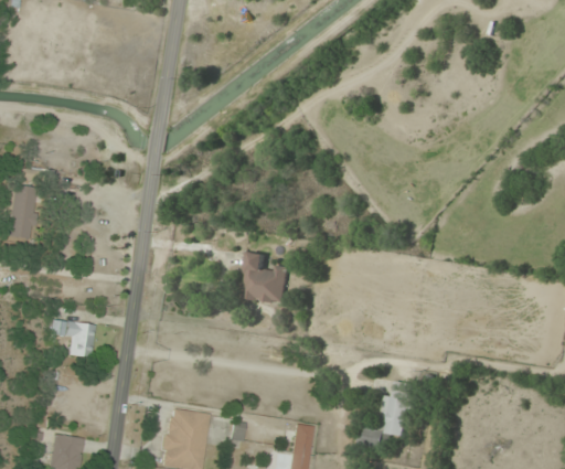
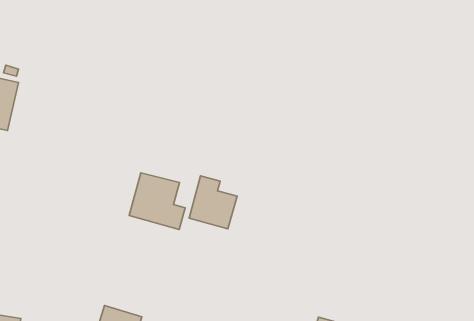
building: none -> [129,173,185,230]
building: [51,319,95,359] -> none

